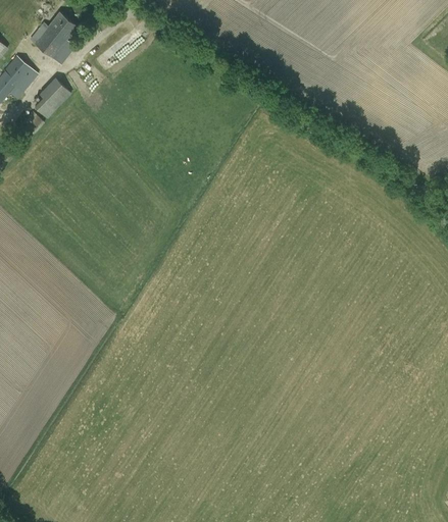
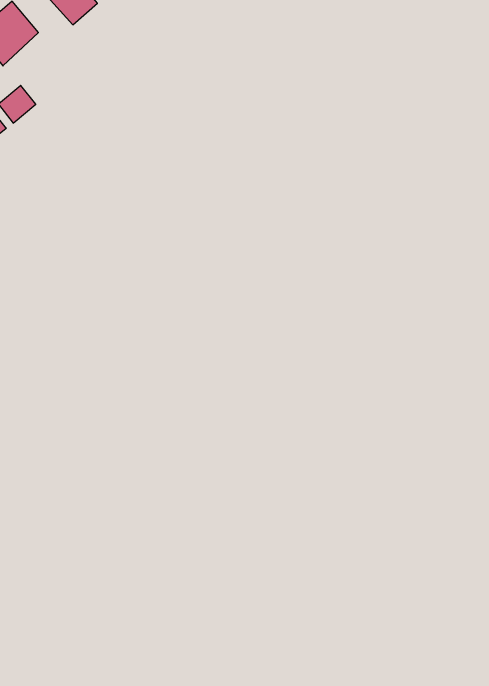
building: [35,77,68,114] -> none

